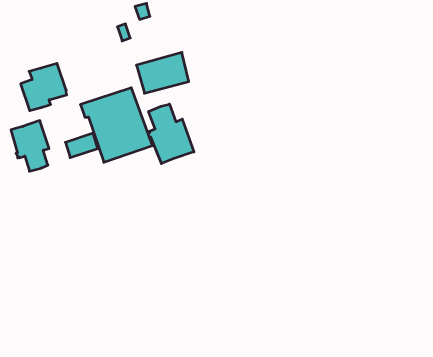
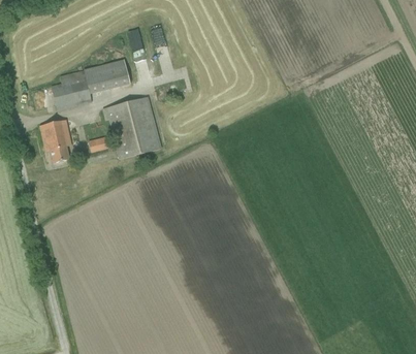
building: [136,52,189,93] -> [90,61,134,94]
building: [148,104,194,164] -> none

